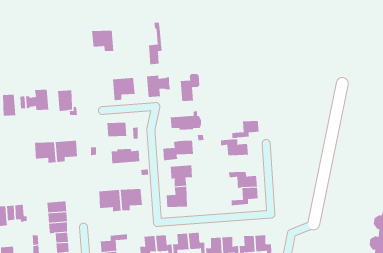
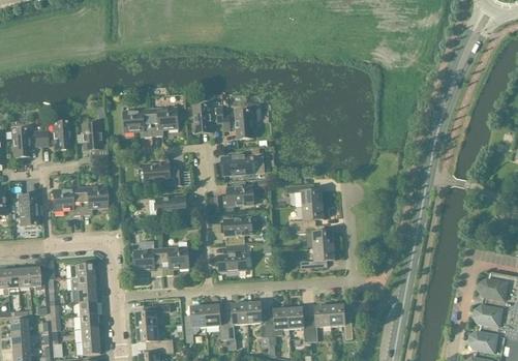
building: [149,22,162,65] -> none
building: [91,30,114,51] -> [124,109,153,136]
building: [231,120,259,139] -> [288,204,324,227]
building: none -> [20,193,38,223]

